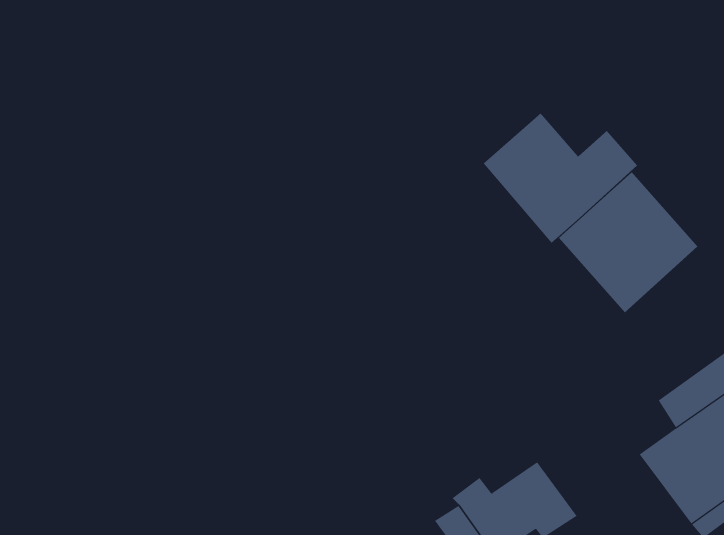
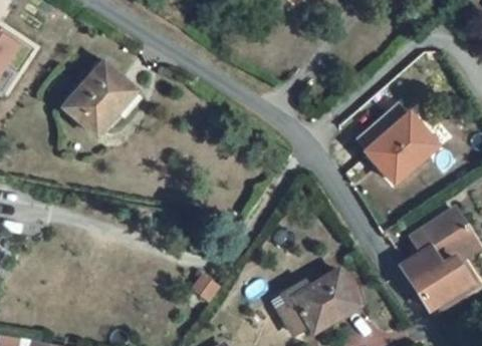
building: none -> [63,60,133,124]
building: [483,112,638,244] -> none

